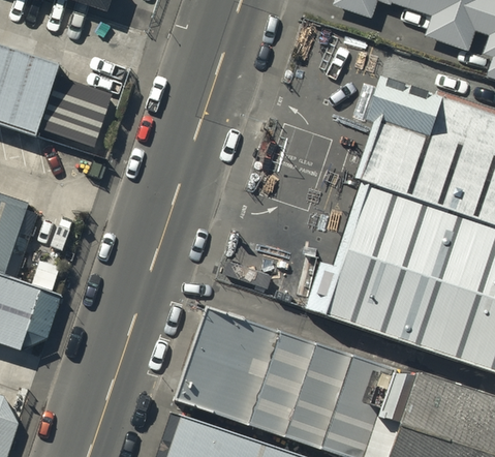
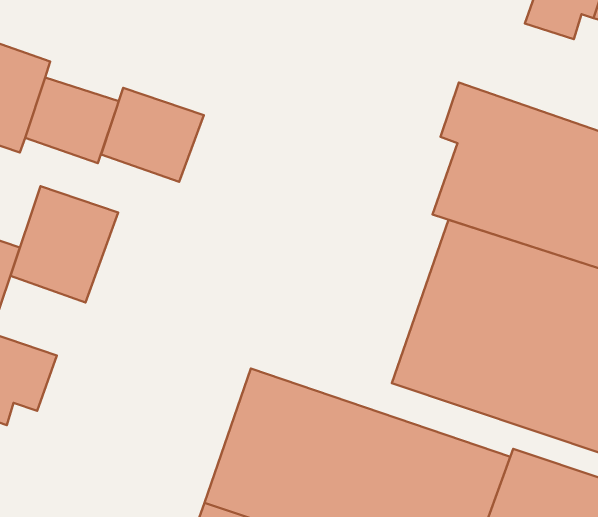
building: none -> [101,88,204,182]
building: none -> [10,186,118,303]

